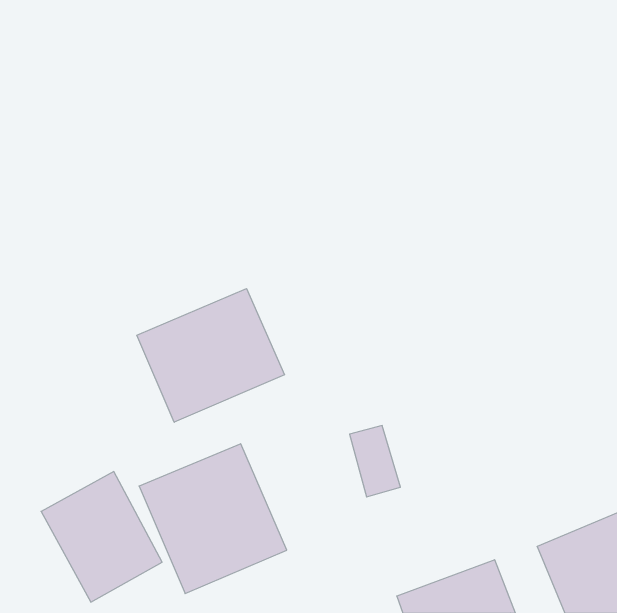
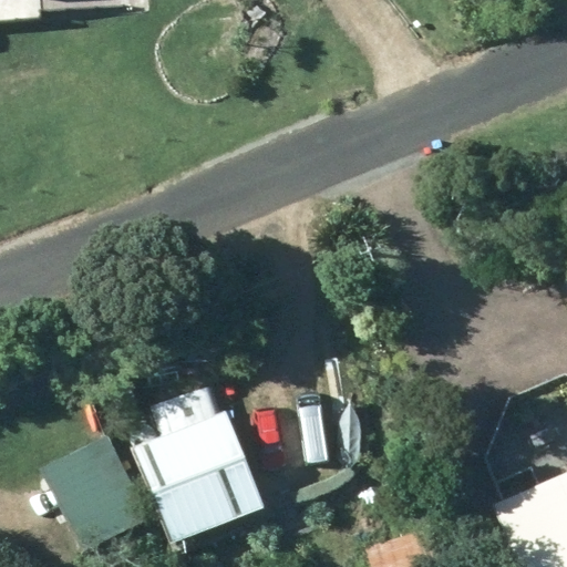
building: [137,289,285,422] -> none

